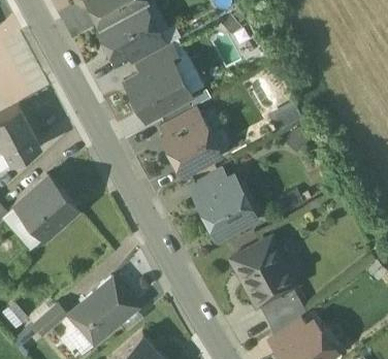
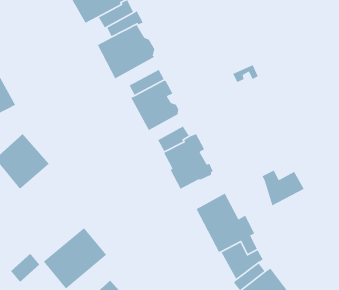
building: none -> [262,169,305,206]

